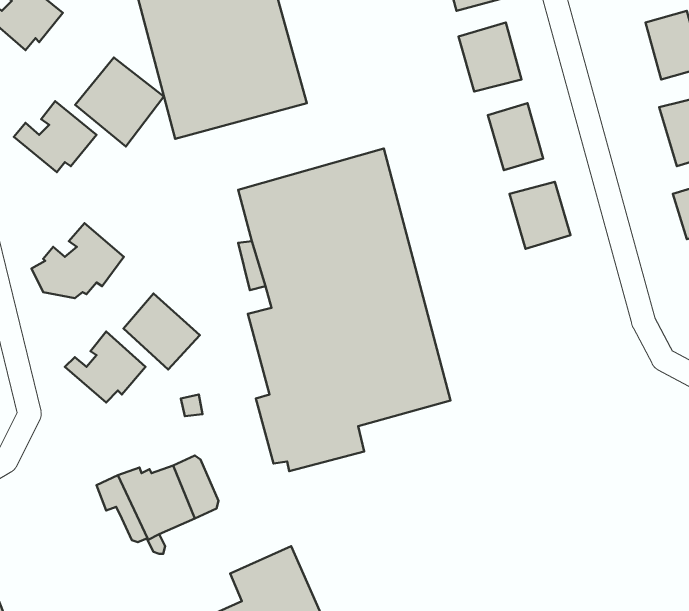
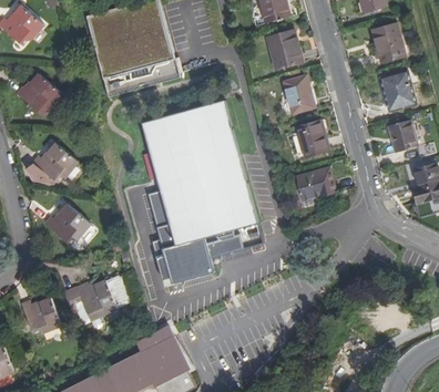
building: [75,58,164,147] -> none
building: none -> [297,166,335,198]
building: [123,294,200,369] -> none
building: none -> [19,296,61,331]

